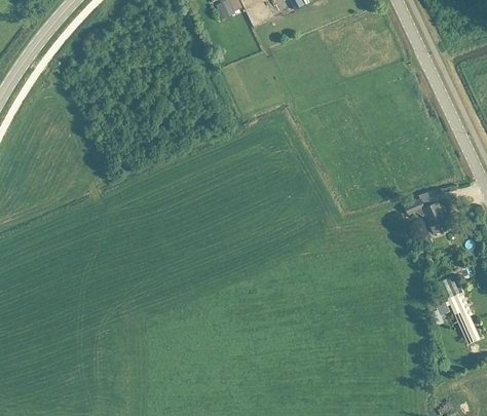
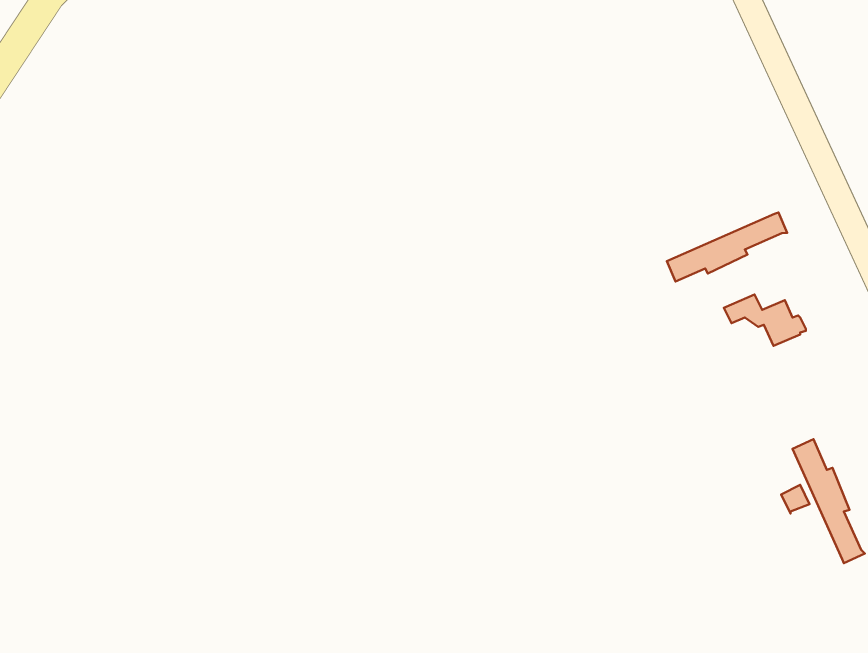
building: none -> [667,213,787,282]

